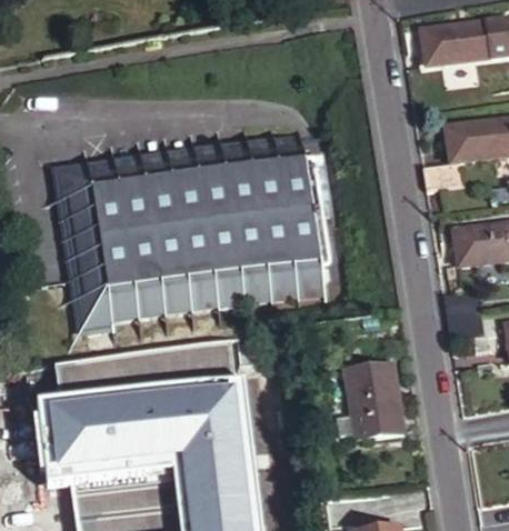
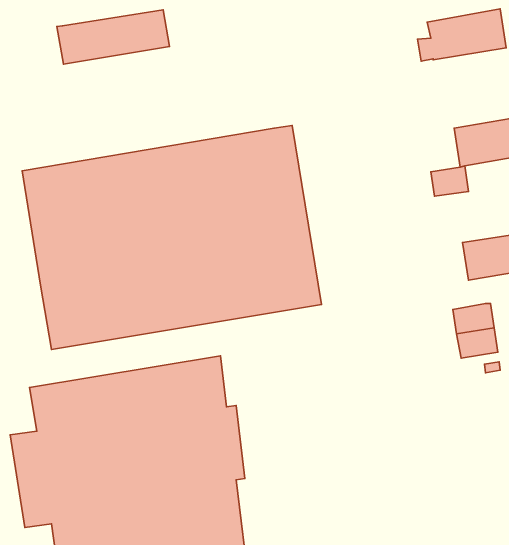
building: none -> [57,10,170,64]
building: [337,364,399,441] -> none

